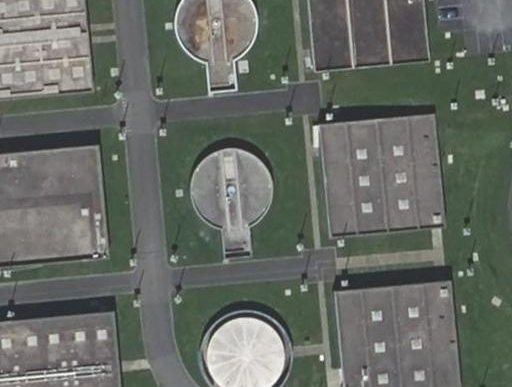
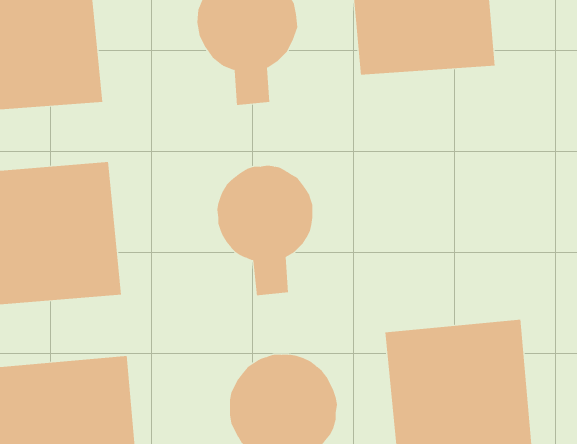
building: [318,111,444,235] -> none

